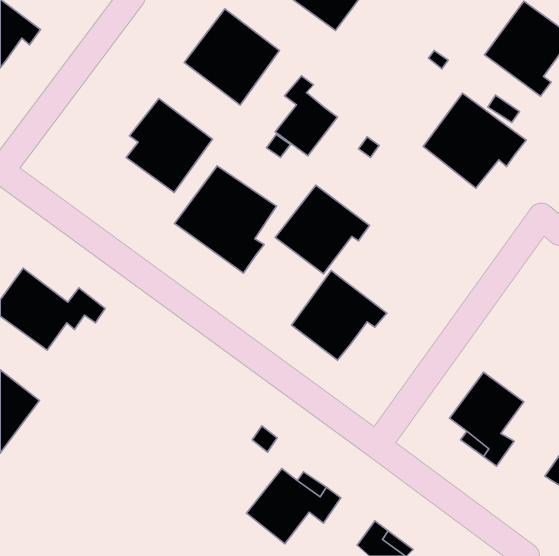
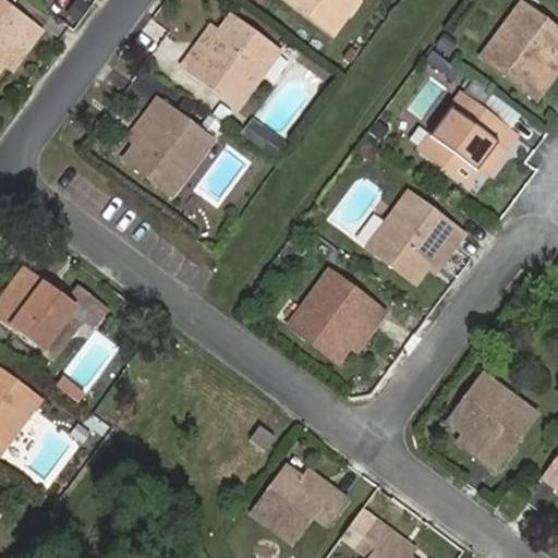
building: [275,76,337,156] -> none
building: [175,166,277,273] -> none
building: [275,185,369,274] -> [369,192,463,280]

